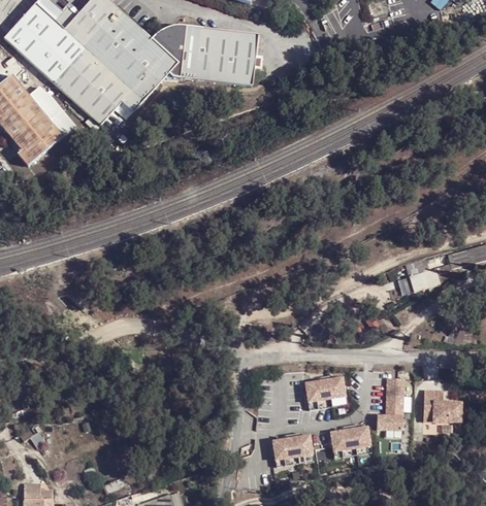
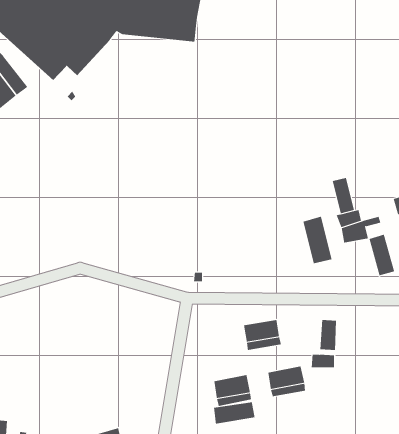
building: none -> [332,177,355,214]
building: none -> [303,216,332,264]
building: none -> [369,234,395,276]
building: [421,390,459,421] -> none
building: none -> [213,402,255,425]

